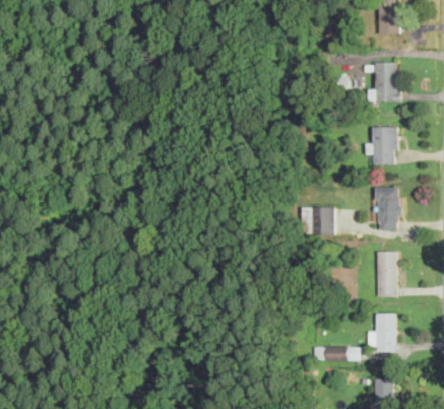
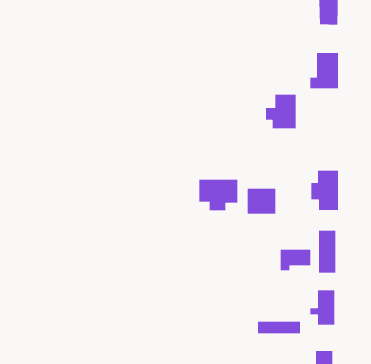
building: [366,127,399,164] -> [265,94,296,129]
building: none -> [199,179,238,211]
building: none -> [280,249,311,271]

